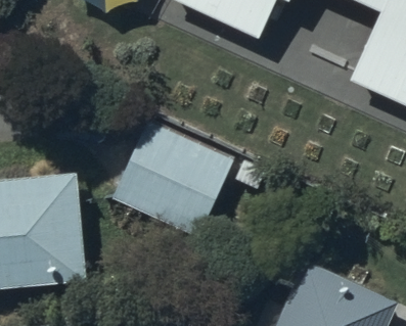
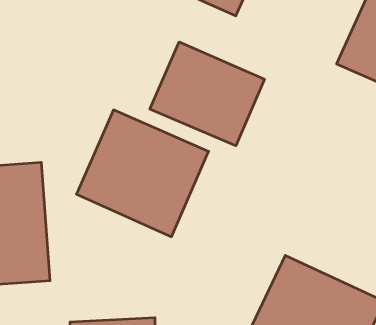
building: none -> [150,42,264,146]

